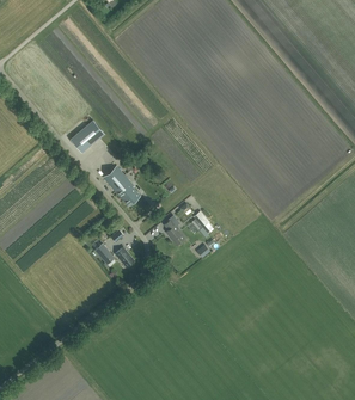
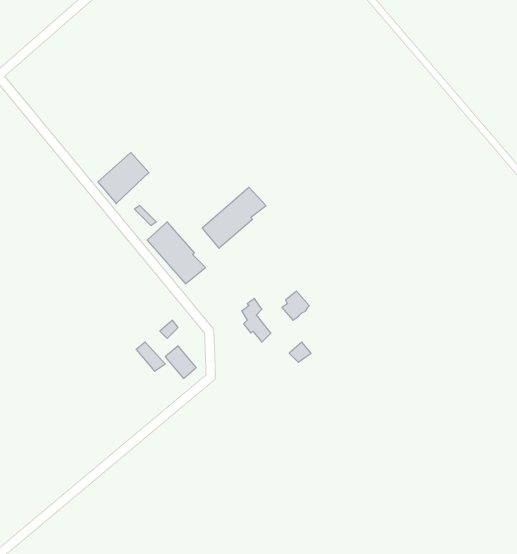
building: none -> [202,187,266,248]

